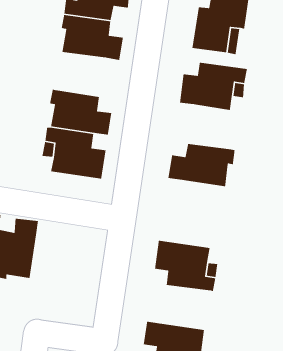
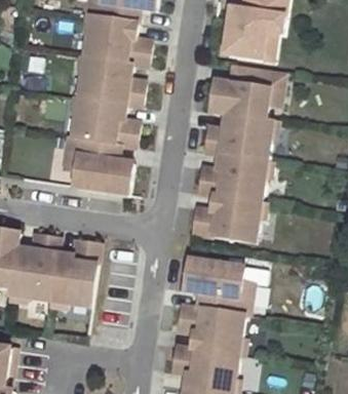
building: none -> [76,56,144,107]
building: none -> [203,114,276,161]
building: none -> [191,195,264,242]
building: none -> [48,240,99,307]
building: none -> [177,305,243,355]

